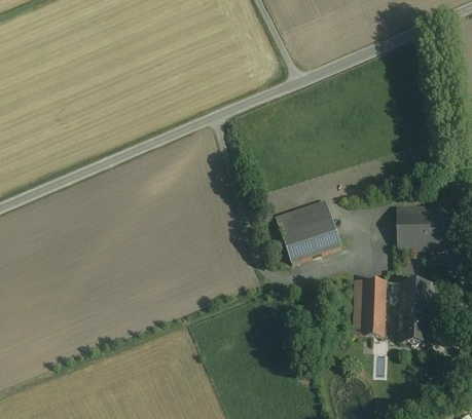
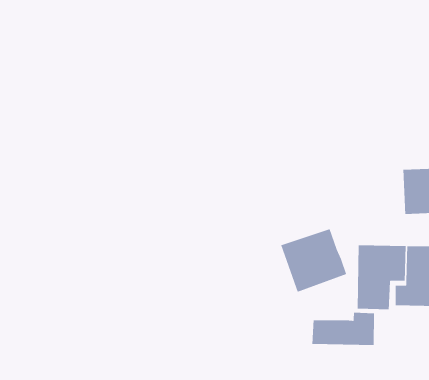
building: [277,198,341,261] -> [280,228,347,293]
building: none -> [312,312,375,346]

